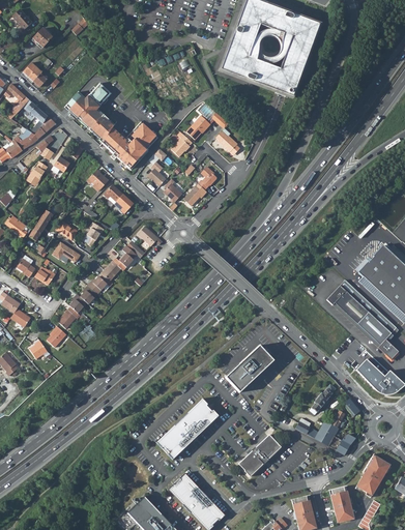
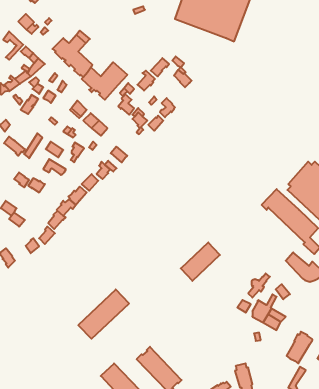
building: [155,399,219,460] -> [78,289,129,339]
building: [238,435,281,477] -> none
building: [330,487,351,523] -> none

